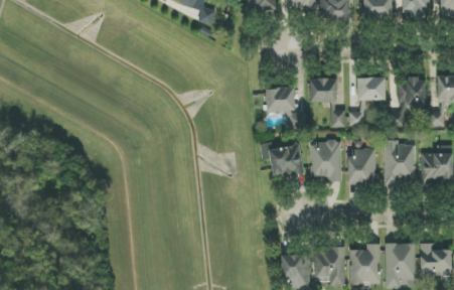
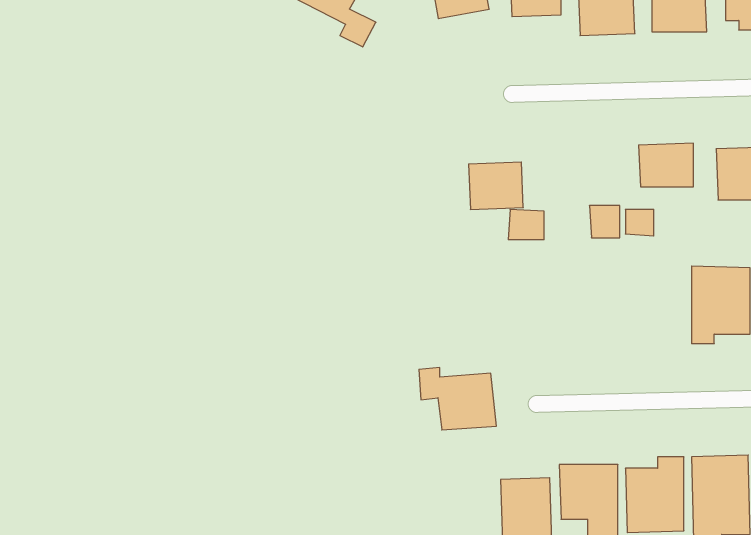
building: [310,79,337,103] -> none
building: [310,142,341,179] -> none
building: [261,143,302,176] -> [419,368,496,430]
building: [348,148,376,182] -> none

